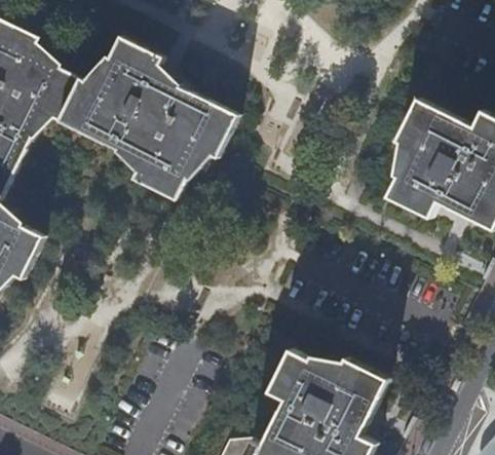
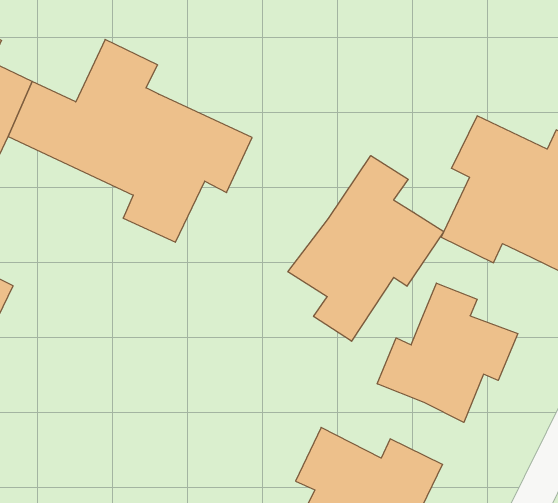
building: none -> [288,156,444,341]
building: none -> [377,283,518,422]

